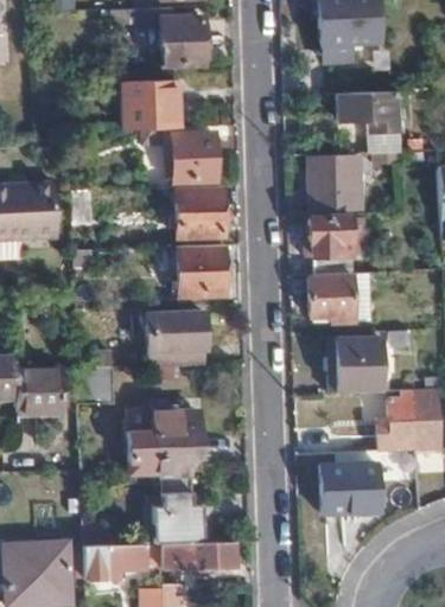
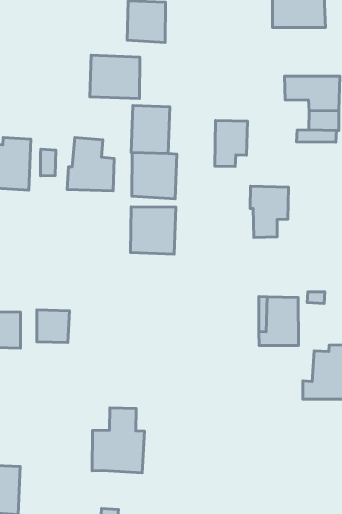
building: [313,158,350,210] -> [215,120,247,166]
building: none -> [67,138,114,191]
building: [311,275,357,317] -> none
building: [147,315,198,368] -> none
building: [131,408,203,474] -> none
building: [323,464,380,513] -> none
building: [163,542,234,569] -> none
building: [85,547,150,581] -> none

